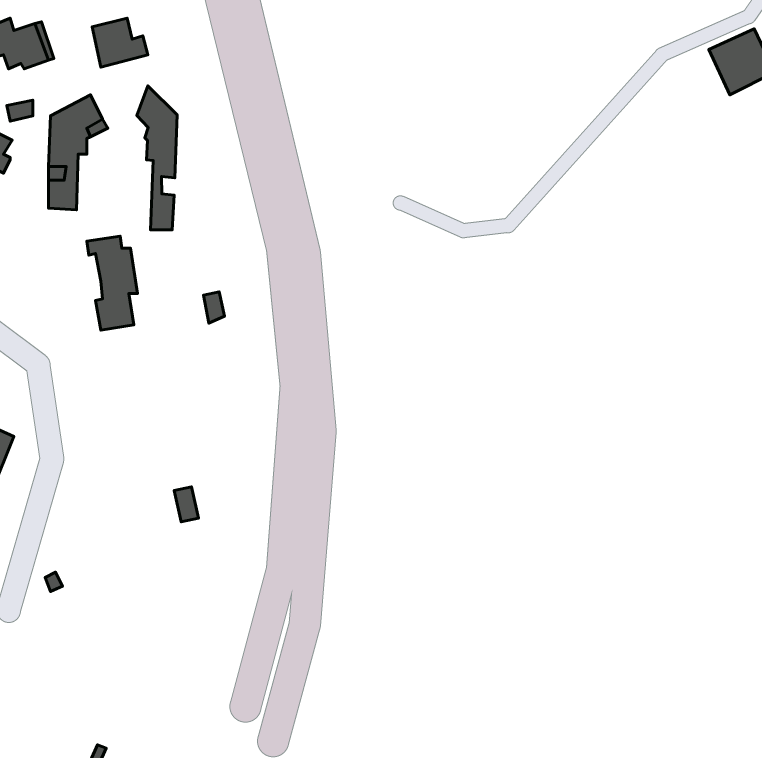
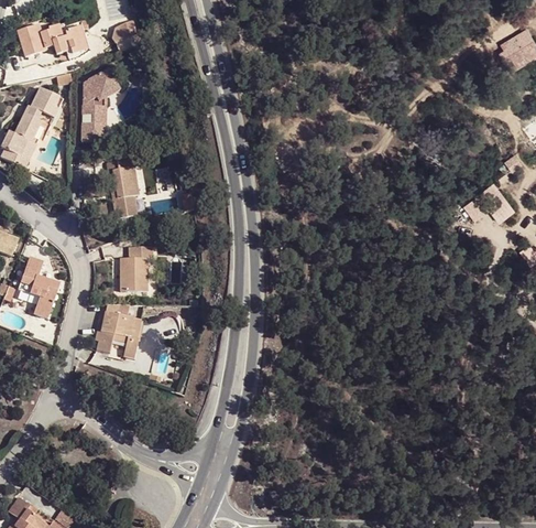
building: [137,86,177,230] -> none
building: none -> [120,246,153,291]
building: none -> [96,304,141,359]

